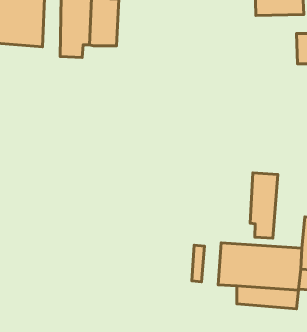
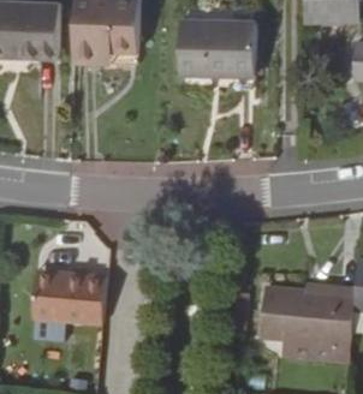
building: none -> [184,28,255,92]
building: [250,173,278,238] -> none
building: none -> [32,270,107,322]

